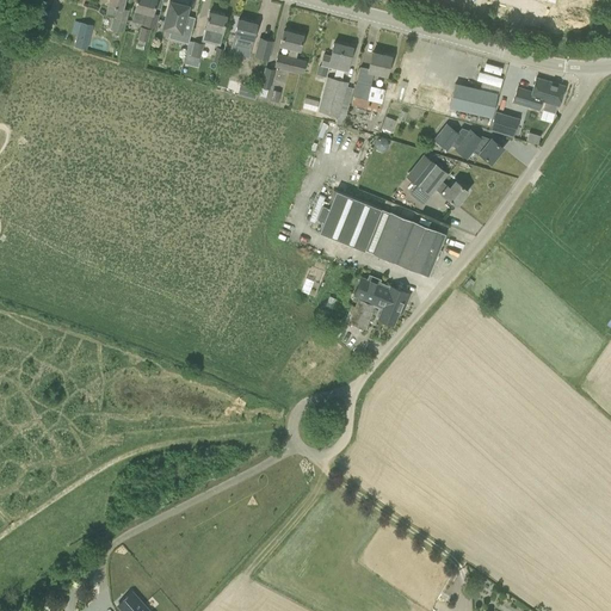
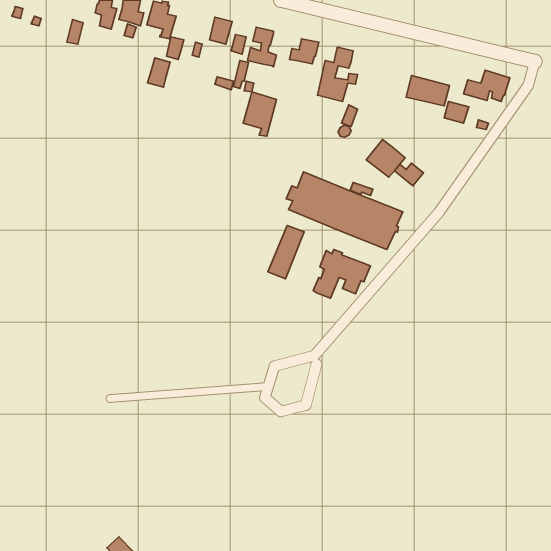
building: [202,13,227,45] -> [147,58,170,87]
building: [317,78,354,126] -> [243,92,277,136]
building: [434,121,504,162] -> none
building: none -> [268,225,304,279]

